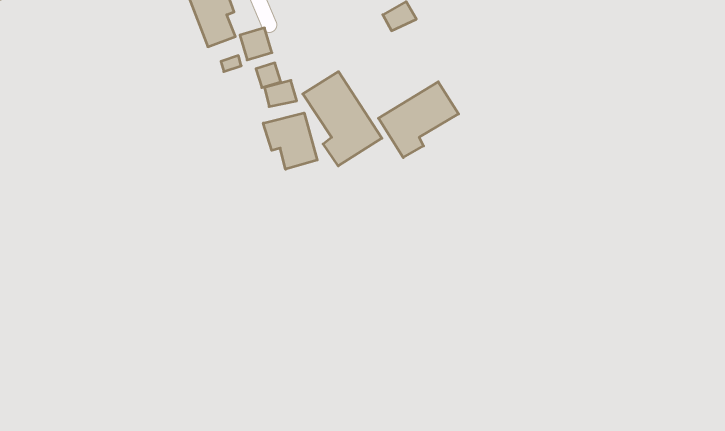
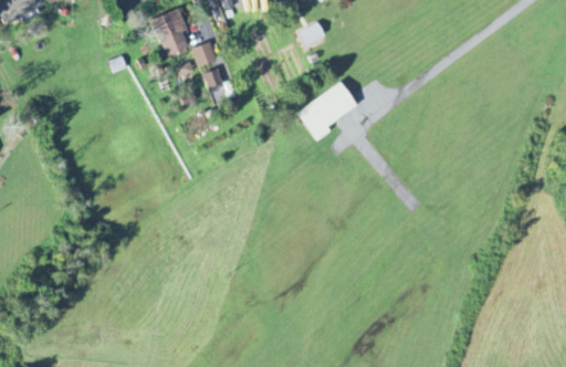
building: [303,72,382,166] -> none
building: [263,113,317,169] -> none

